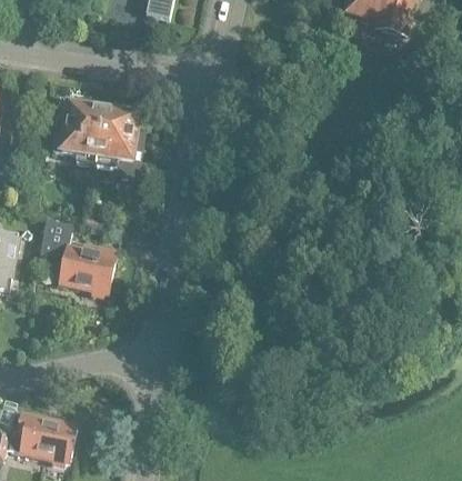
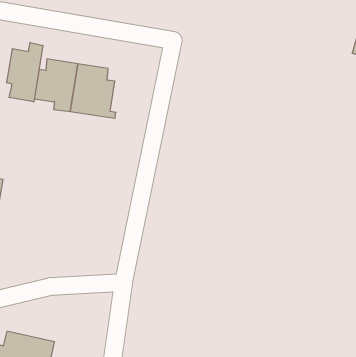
building: none -> [7,42,43,102]
building: [38,217,114,295] -> none

